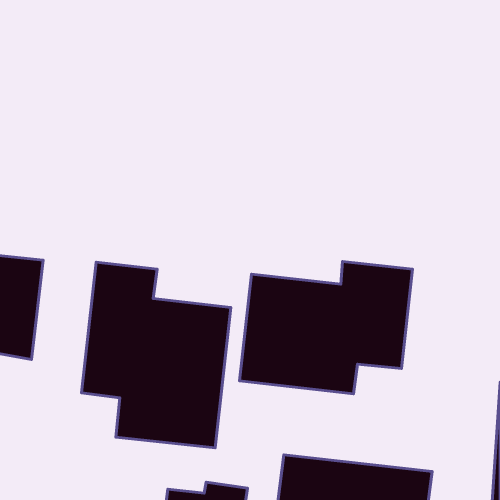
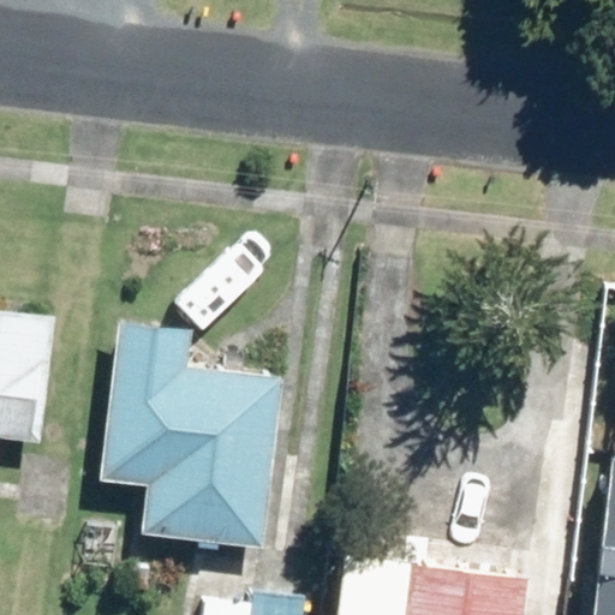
building: [240,262,413,394] -> none

